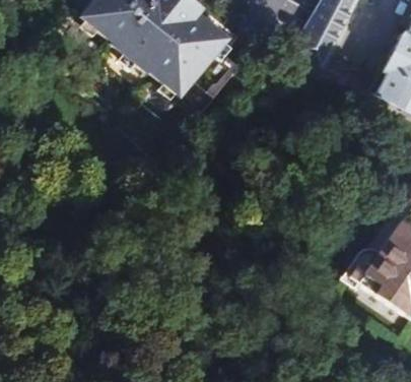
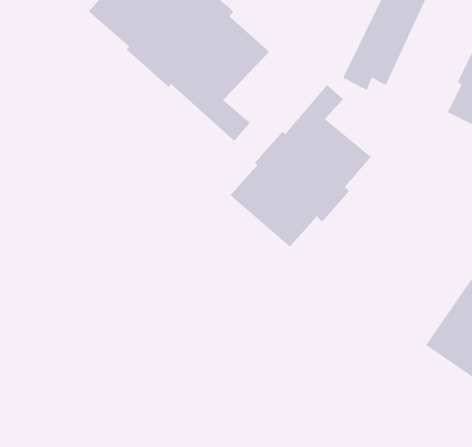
building: none -> [230,84,372,248]

